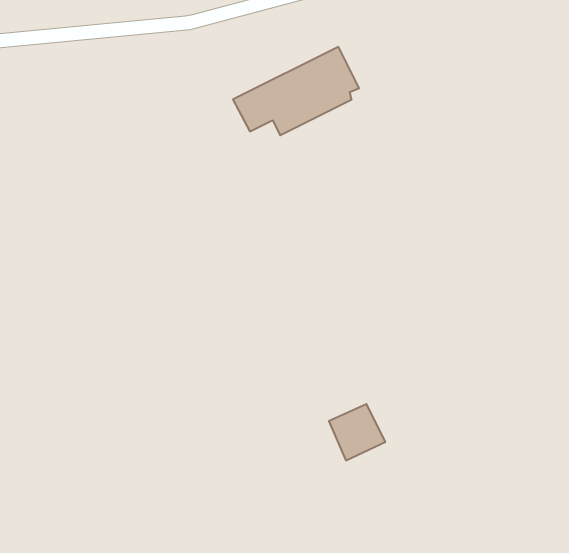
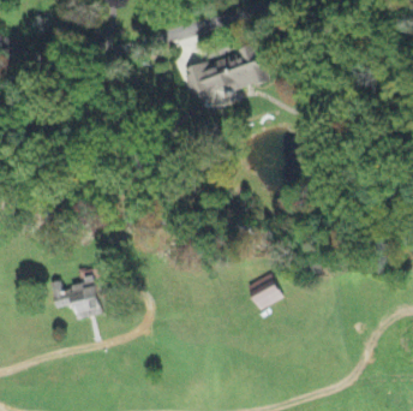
building: none -> [58,268,103,320]

